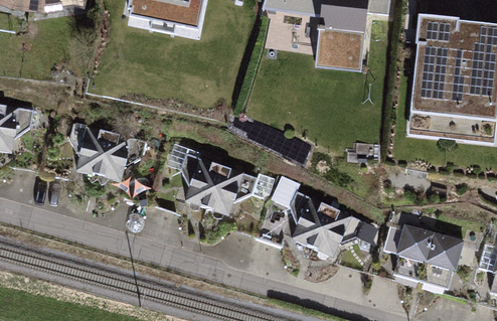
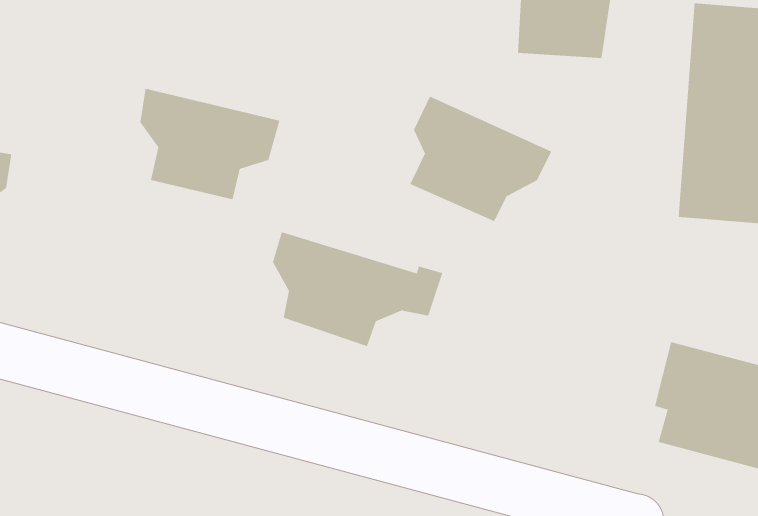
building: [70,123,149,185] -> [139,88,280,200]
building: [289,189,368,260] -> [410,96,552,222]

